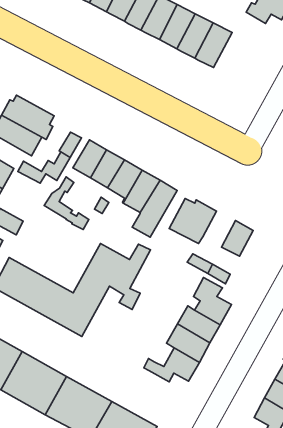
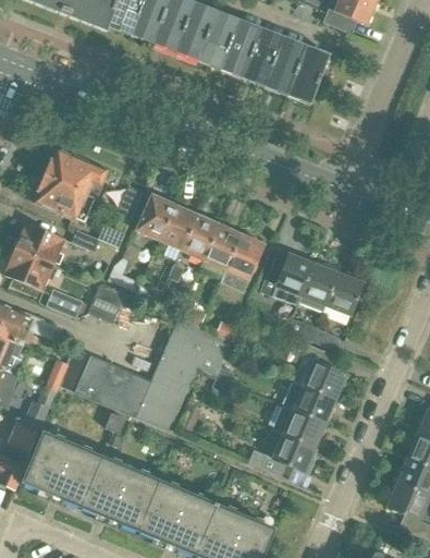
building: none -> [292,46,330,99]
building: none -> [87,283,124,323]
building: none -> [302,263,339,305]

